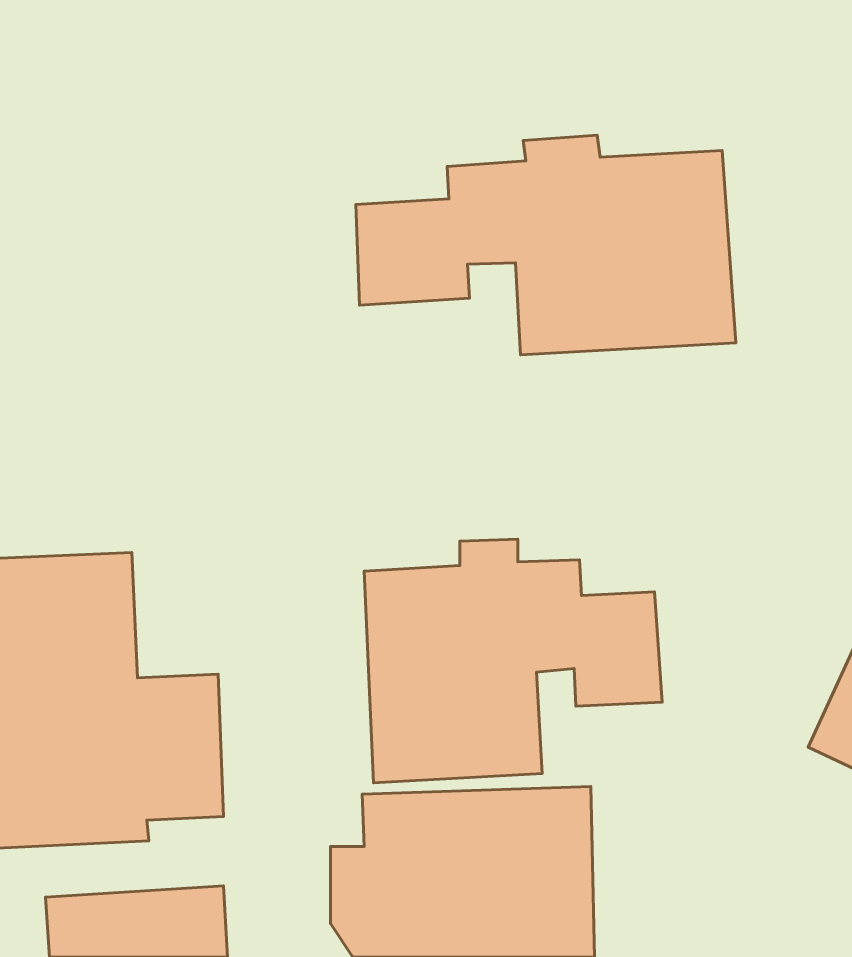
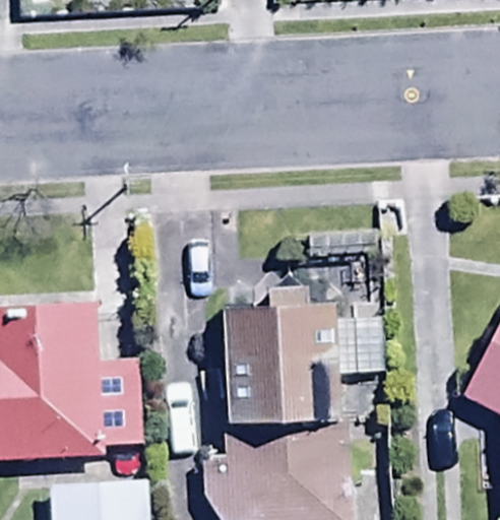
building: [356,135,736,355] -> none

